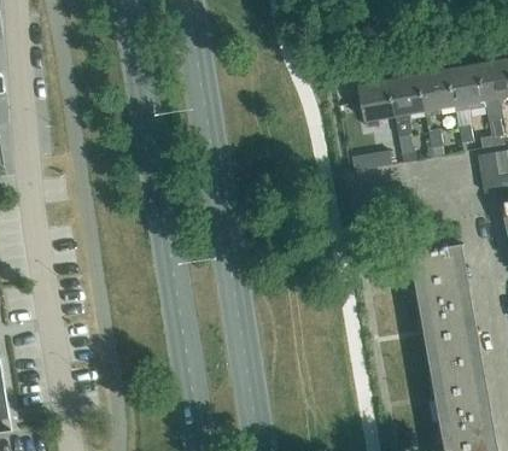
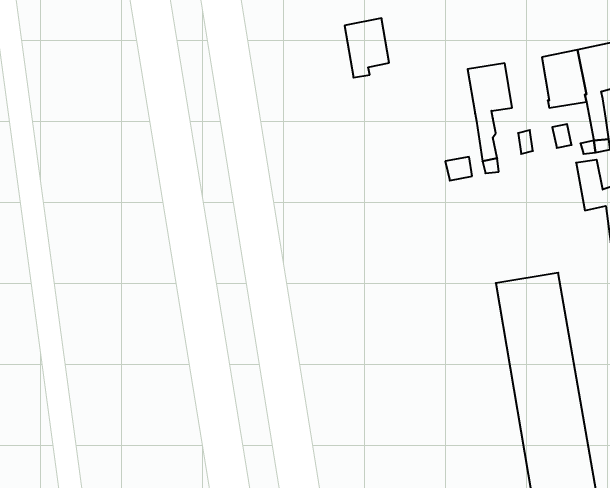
building: [419,69,455,116] -> none
building: [358,78,395,127] -> [345,18,389,78]

